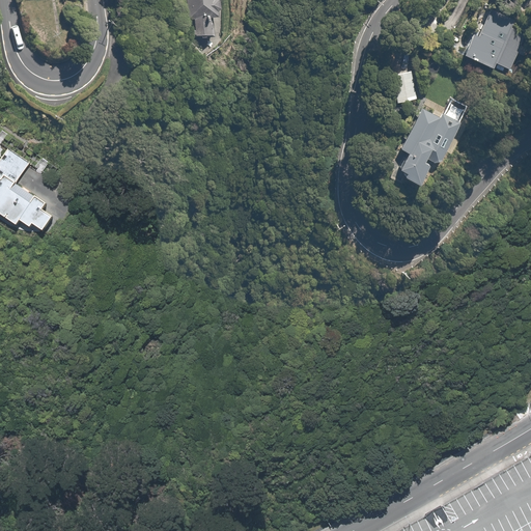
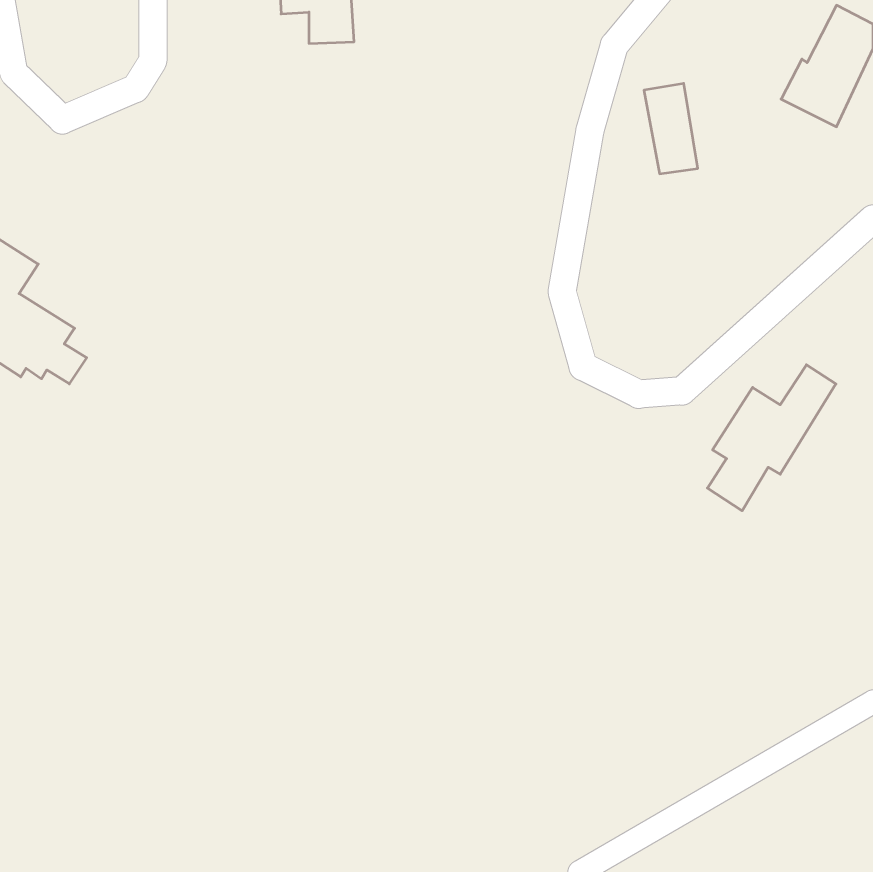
building: [395,99,472,186] -> [707,365,836,511]

